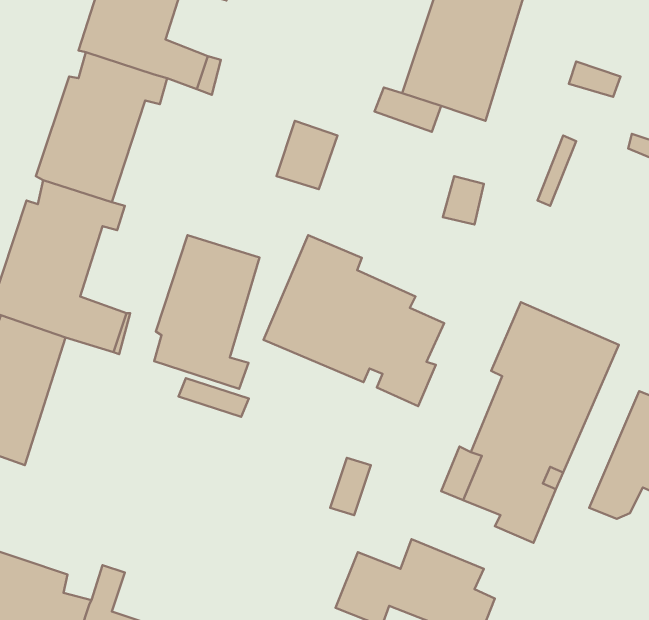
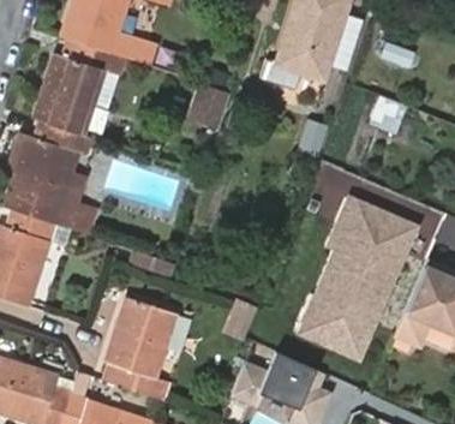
building: [263,235,444,406] -> none
building: [154,235,260,389] -> [106,299,174,399]

